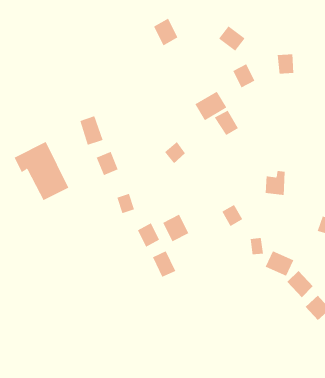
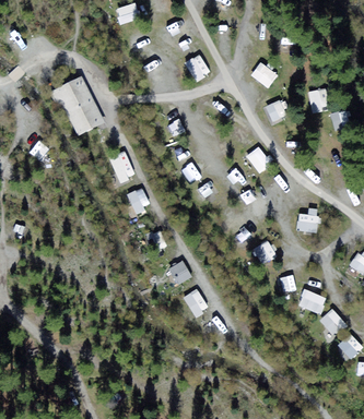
building: [194,91,227,121] -> none
building: [14,141,69,201] -> [48,75,104,135]
building: [163,214,189,242] -> none

